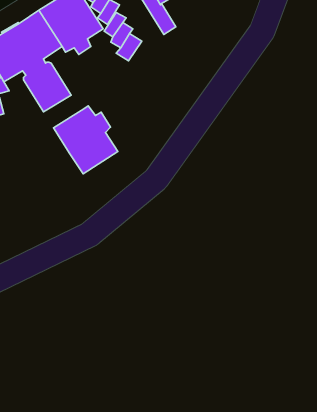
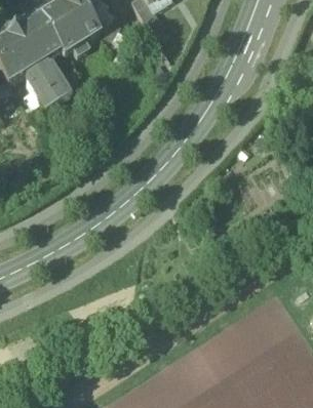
building: [53,106,118,174] -> none

